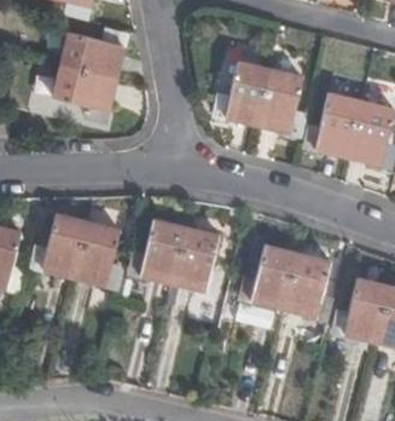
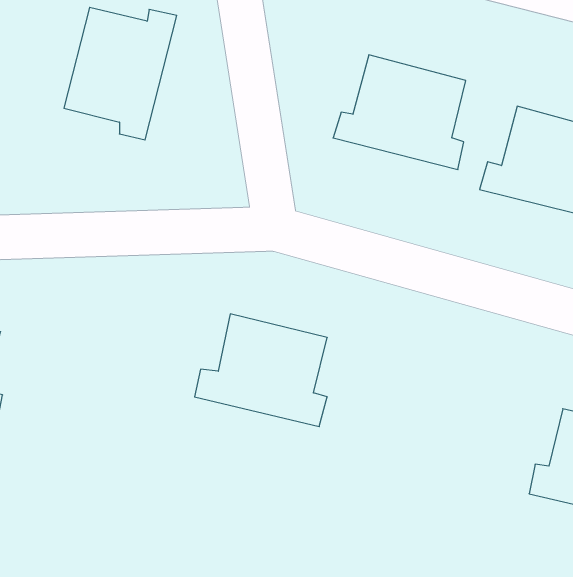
building: [35,215,117,287] -> none
building: [243,247,327,316] -> none

